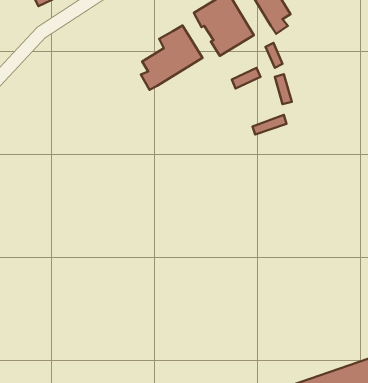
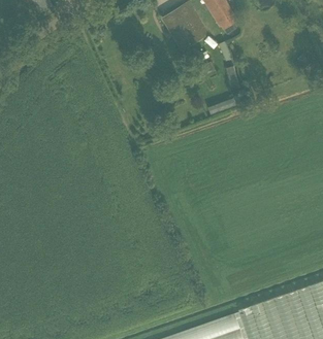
building: [141,25,203,90] -> none

